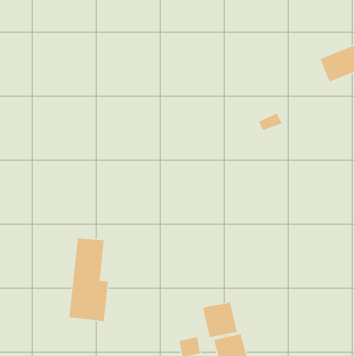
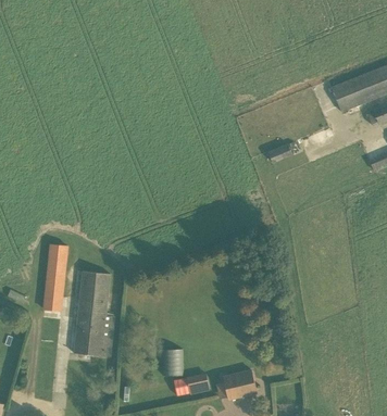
building: none -> [45,243,68,311]
building: [202,301,238,338] -> none

